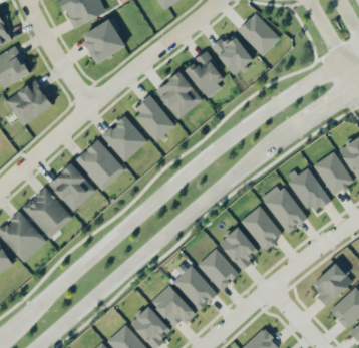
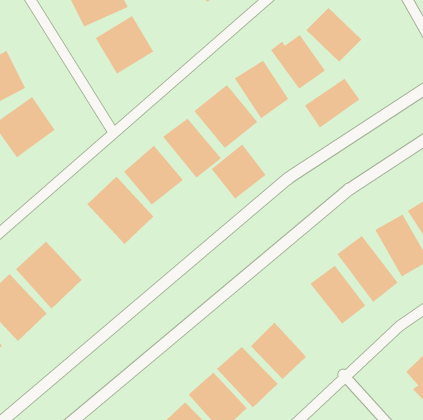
building: none -> [304,78,360,128]
building: none -> [211,144,267,199]
building: [48,162,96,211] -> none
building: [219,226,261,269] -> none

